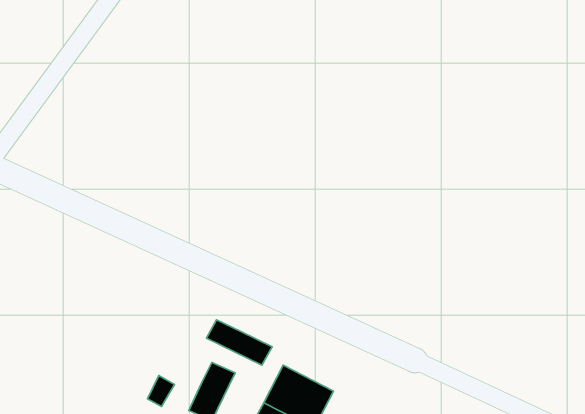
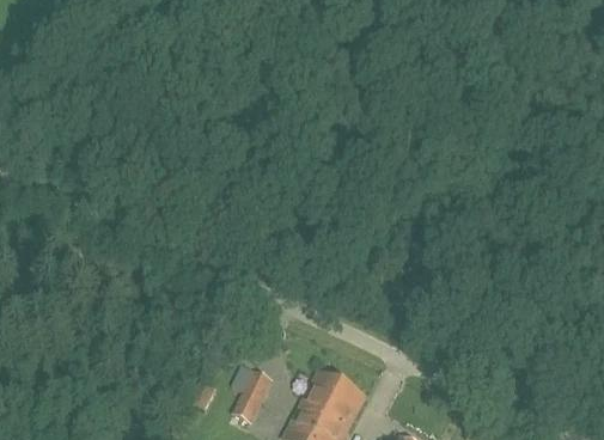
building: [207,320,272,365] -> none

